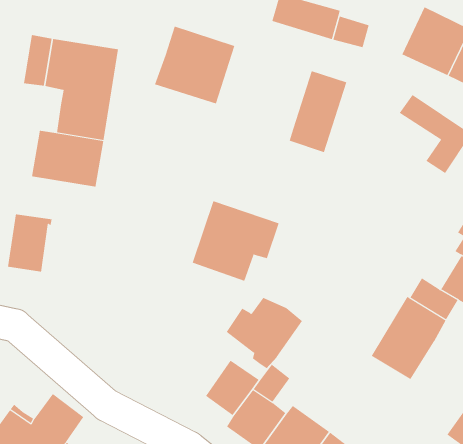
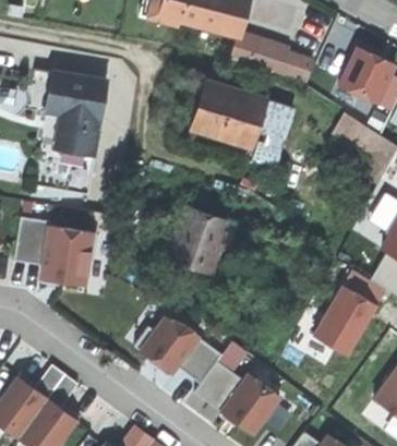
building: [154,26,235,104] -> [197,83,264,147]
building: none -> [39,226,96,285]
building: [226,297,303,369] -> [134,317,197,376]

